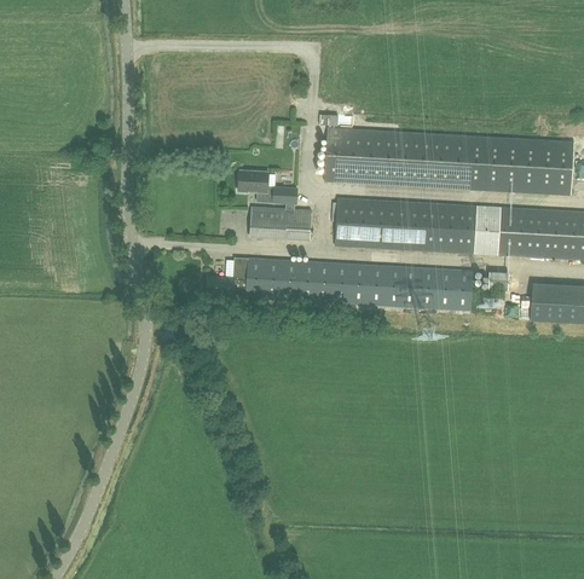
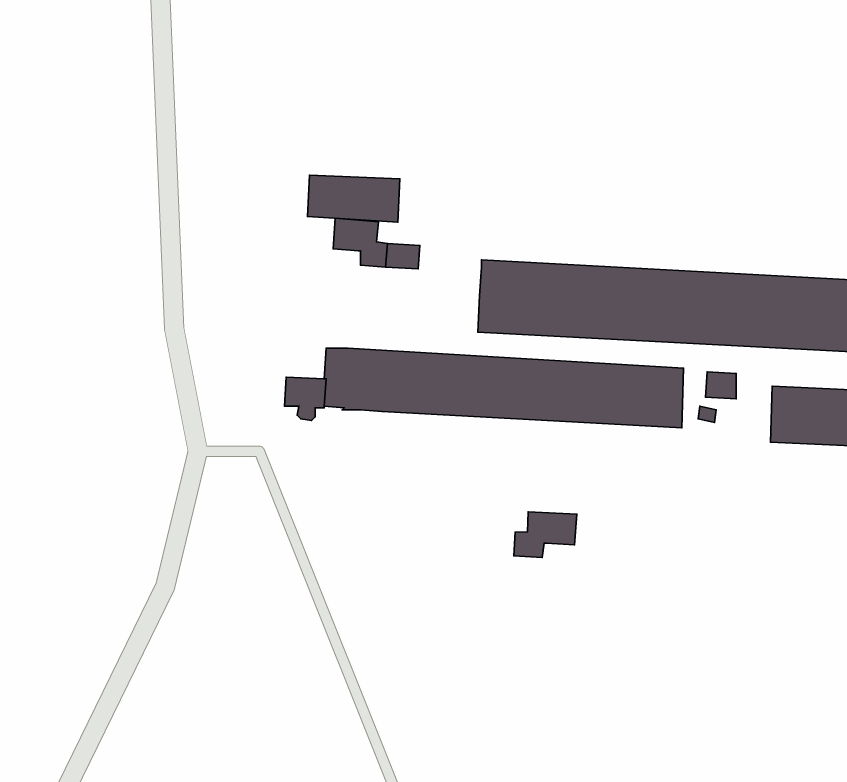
building: [324,127,574,195] -> none
building: [249,207,311,238] -> [308,175,400,222]
building: none -> [514,512,577,557]

